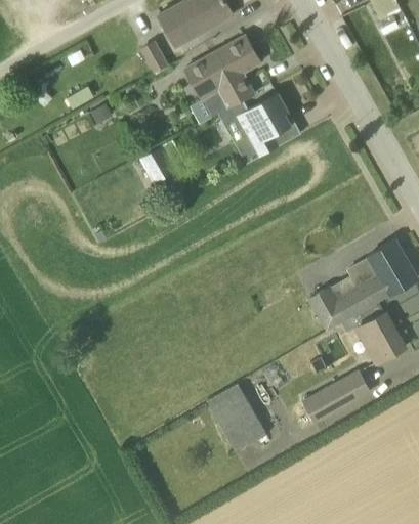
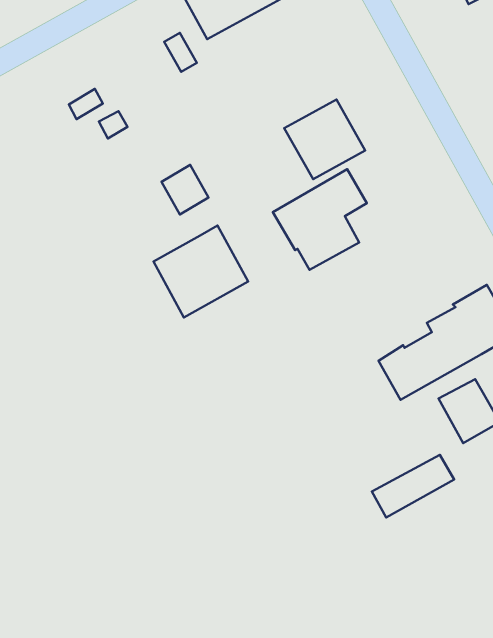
building: [185,36,259,115] -> [273,169,367,270]
building: none -> [154,226,248,318]
building: [206,383,267,453] -> none

